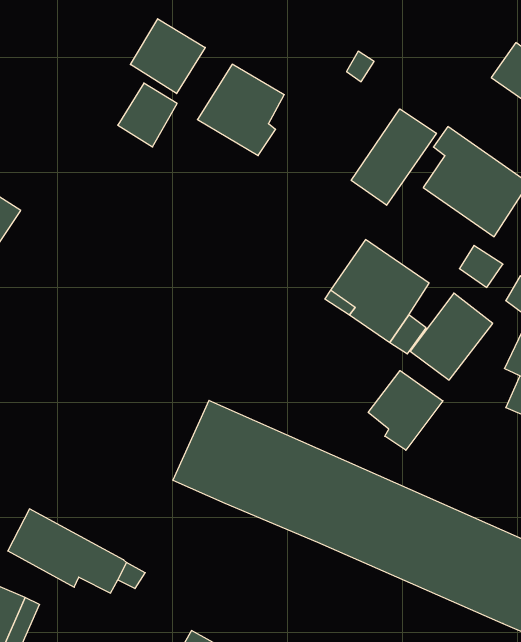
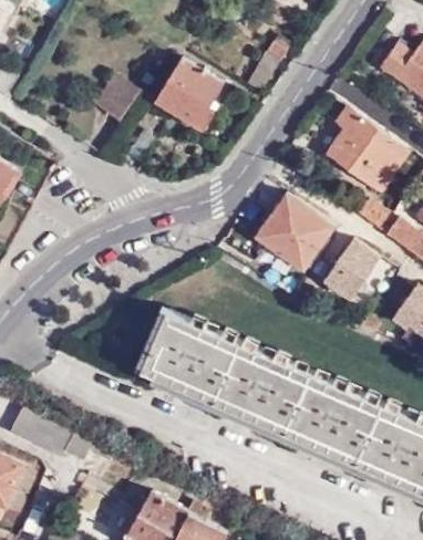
building: [130,19,205,94] -> none
building: [351,109,436,205] -> none
building: [368,371,443,450] -> none

